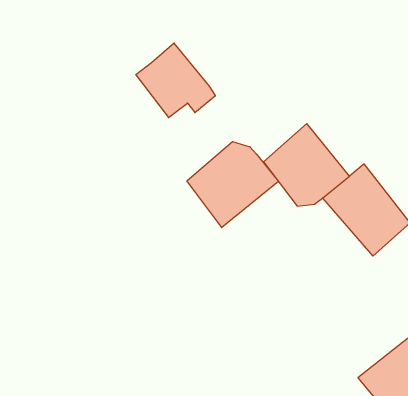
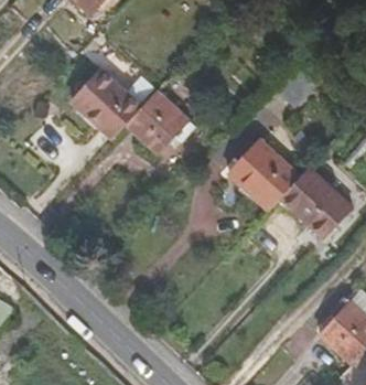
building: none -> [69,76,130,138]
building: [187,142,279,228] -> none

